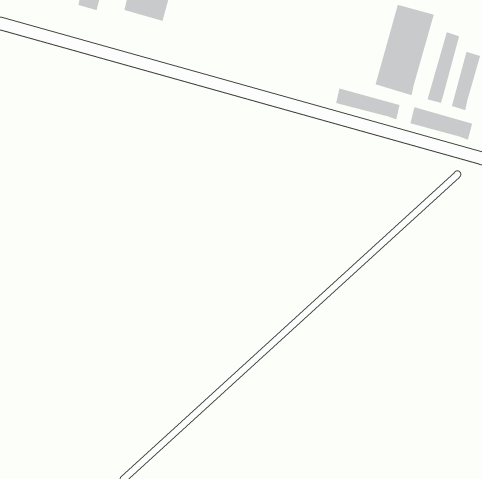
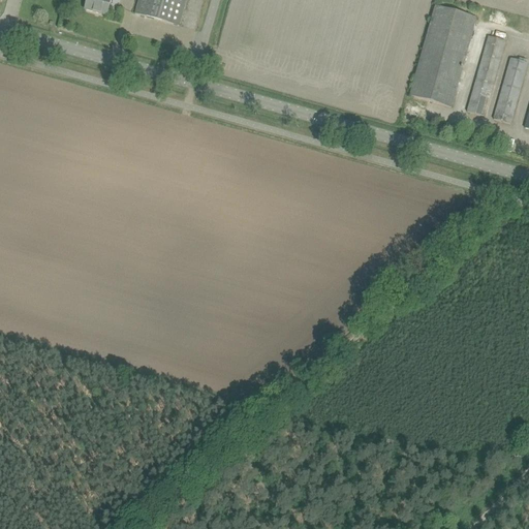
building: [335,87,401,120] -> none
building: [410,106,473,141] -> none

